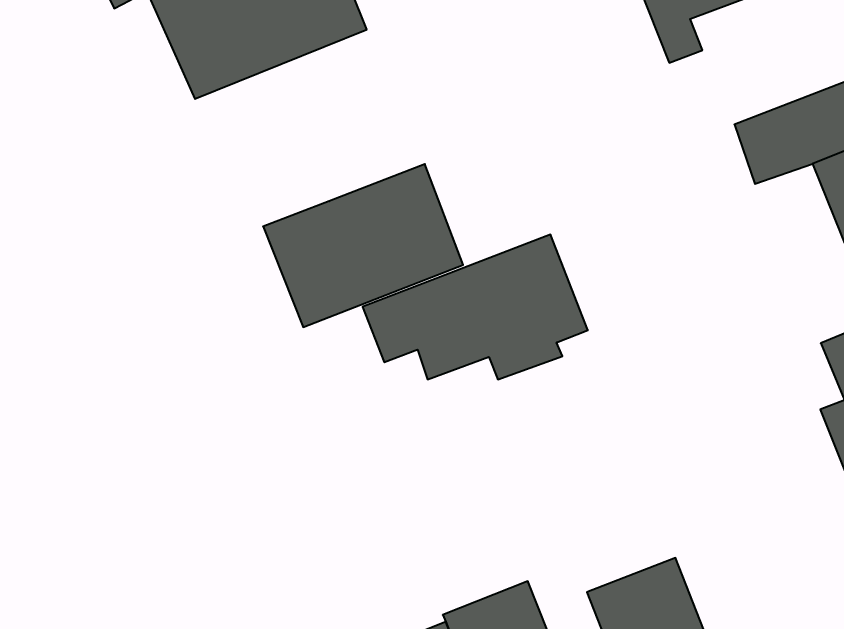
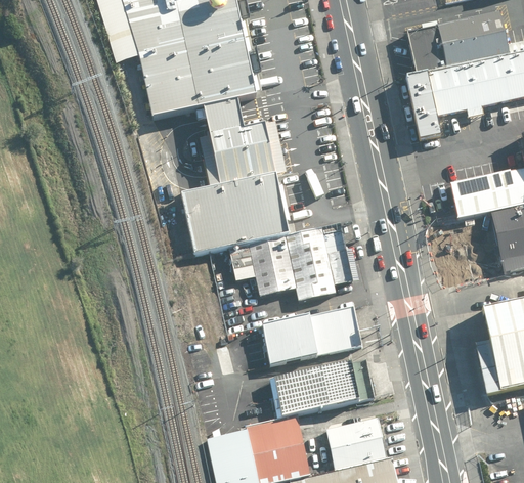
building: none -> [203,100,276,186]
building: none -> [262,306,361,364]
building: none -> [270,357,373,416]

